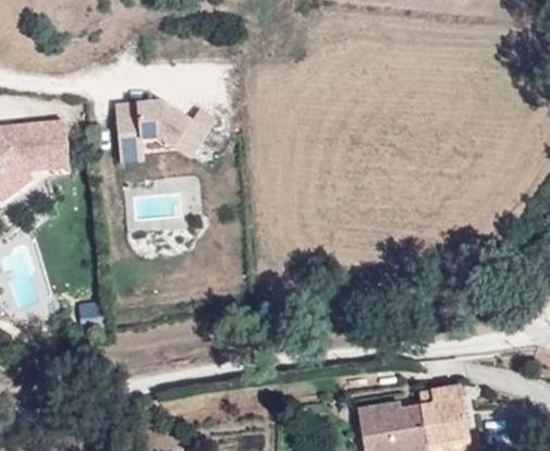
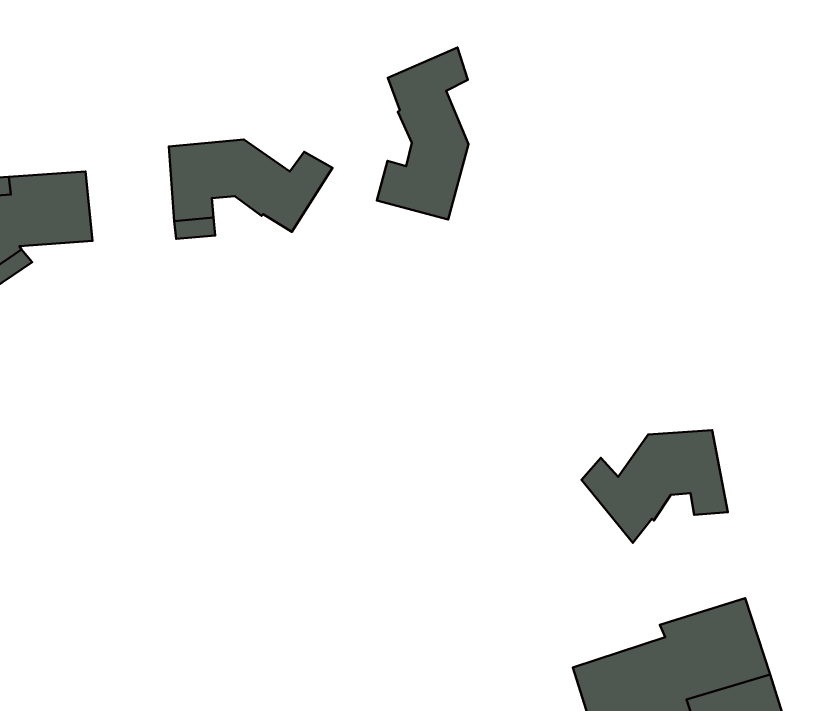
building: none -> [377,48,469,219]
building: none -> [581,430,728,543]

